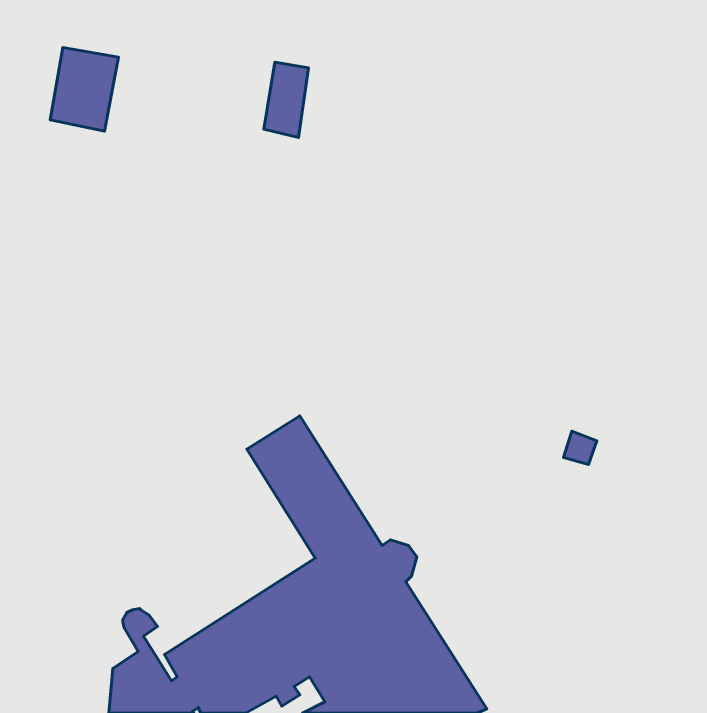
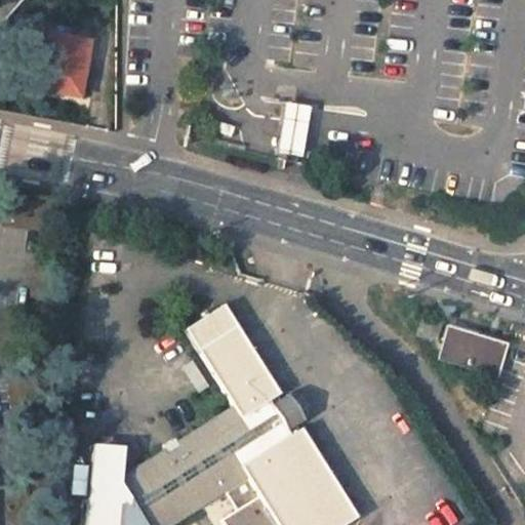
building: [264,62,308,138] -> [279,104,312,159]
building: none -> [441,328,507,376]

